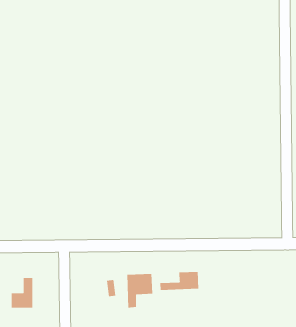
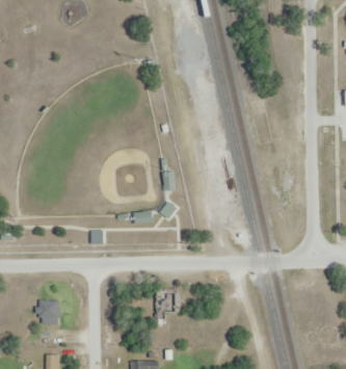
building: [160,271,199,291] -> none

